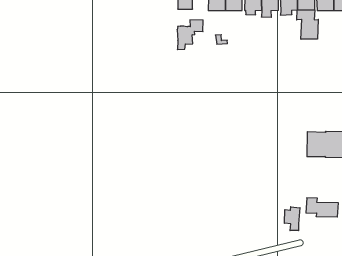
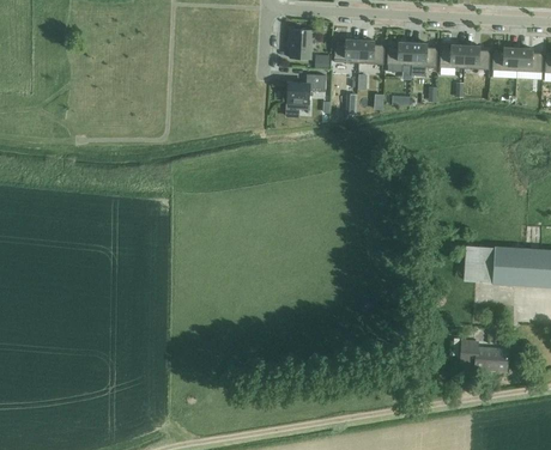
building: [297,10,318,39] -> none
building: [284,207,300,231] -> none

